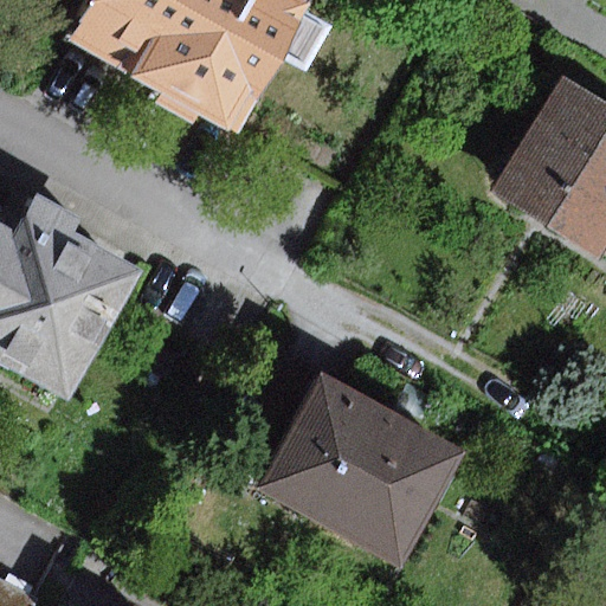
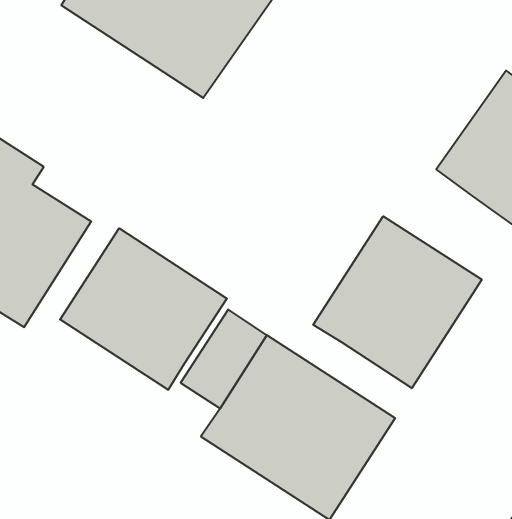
building: none -> [313,216,482,388]
building: none -> [60,228,227,390]

